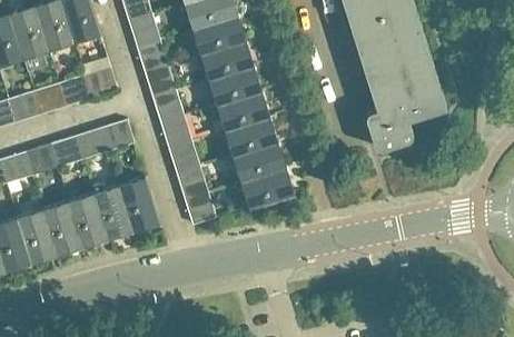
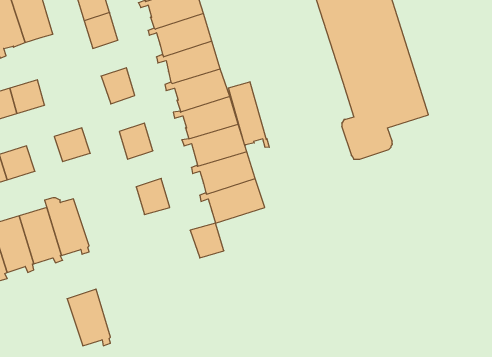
building: [136,40,167,73] -> none
building: [85,68,117,100] -> none
building: none -> [229,82,269,147]
building: [152,91,184,125] -> none
building: [75,129,108,161] -> none
building: [168,142,199,176] -> none
building: [118,178,158,230] -> [67,289,110,346]
building: [184,195,215,227] -> [190,223,224,258]

